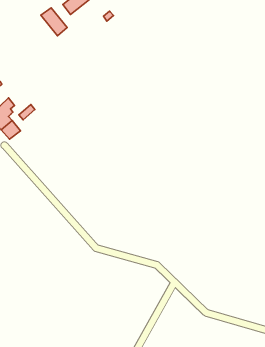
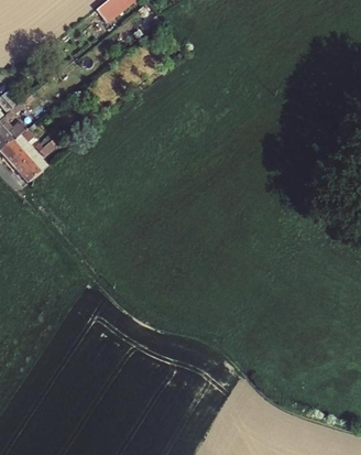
building: [41,8,67,36] -> none

